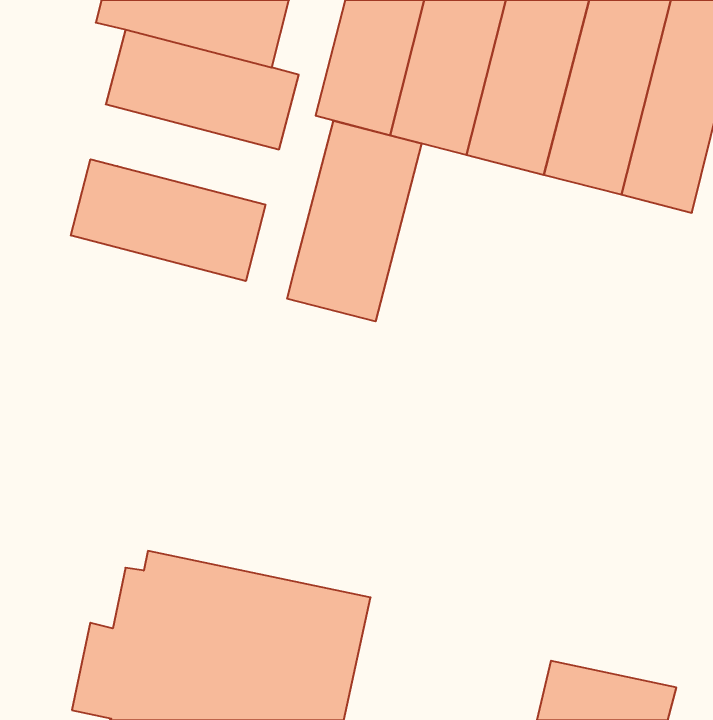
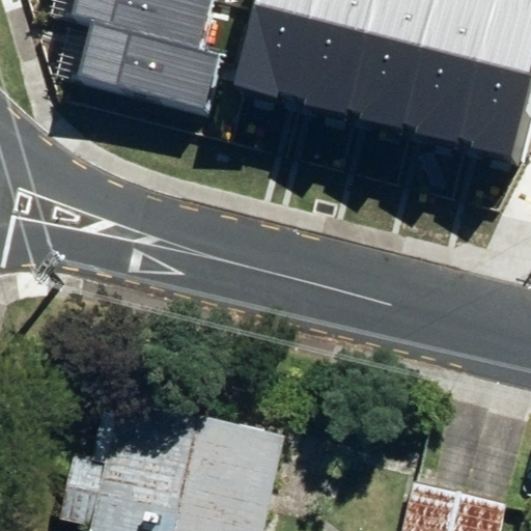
building: [287,121,422,321] -> none
building: [71,159,265,281] -> none

